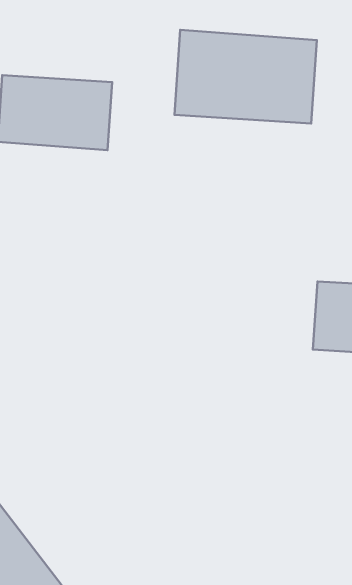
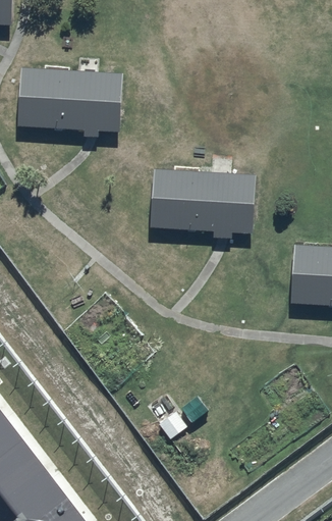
building: [174,30,317,124] -> none
building: none -> [152,170,253,236]

